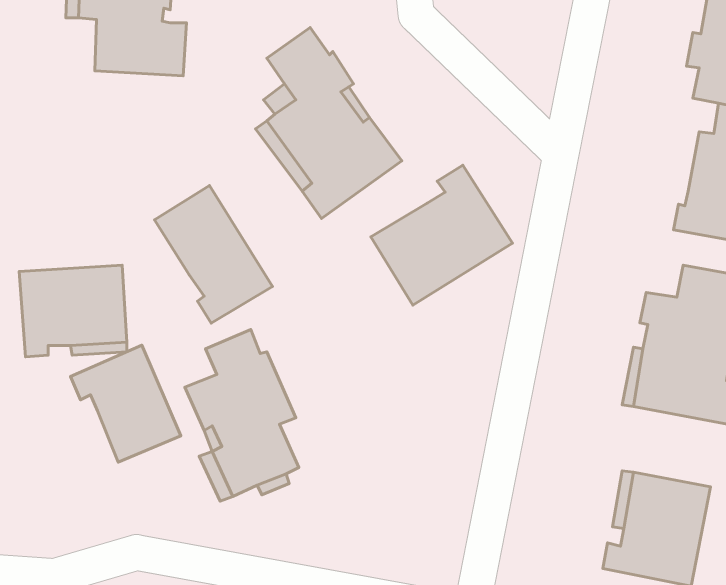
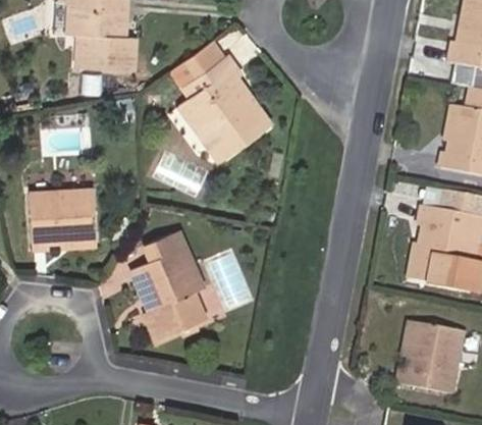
building: [371,165,512,305] -> none
building: [154,186,273,323] -> none
building: [71,345,181,462] -> none

